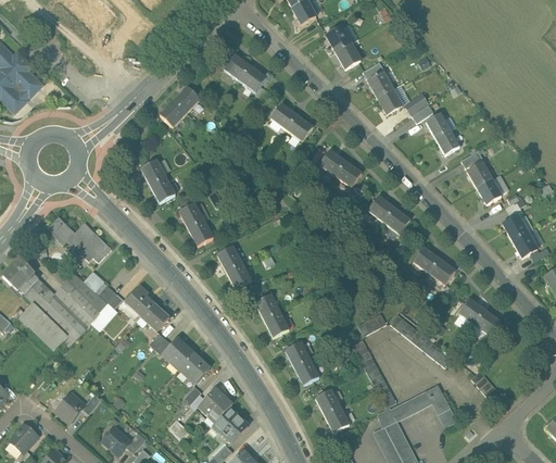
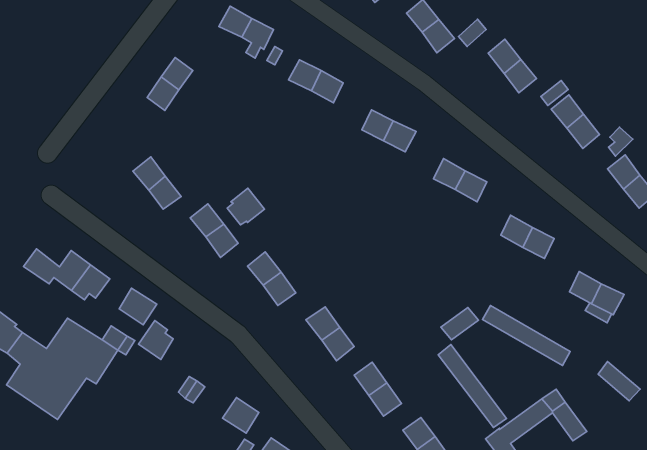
building: none -> [227,188,264,225]
building: [140,301,169,330] -> [119,288,157,325]
building: [162,337,193,370] -> none

